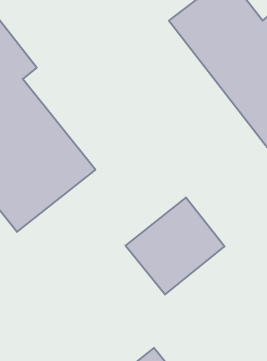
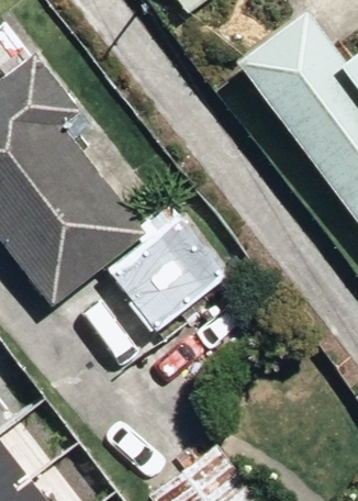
building: [125,197,225,295] -> [112,216,227,330]

